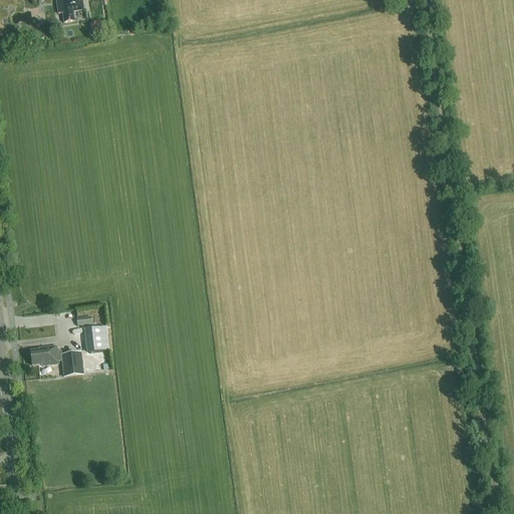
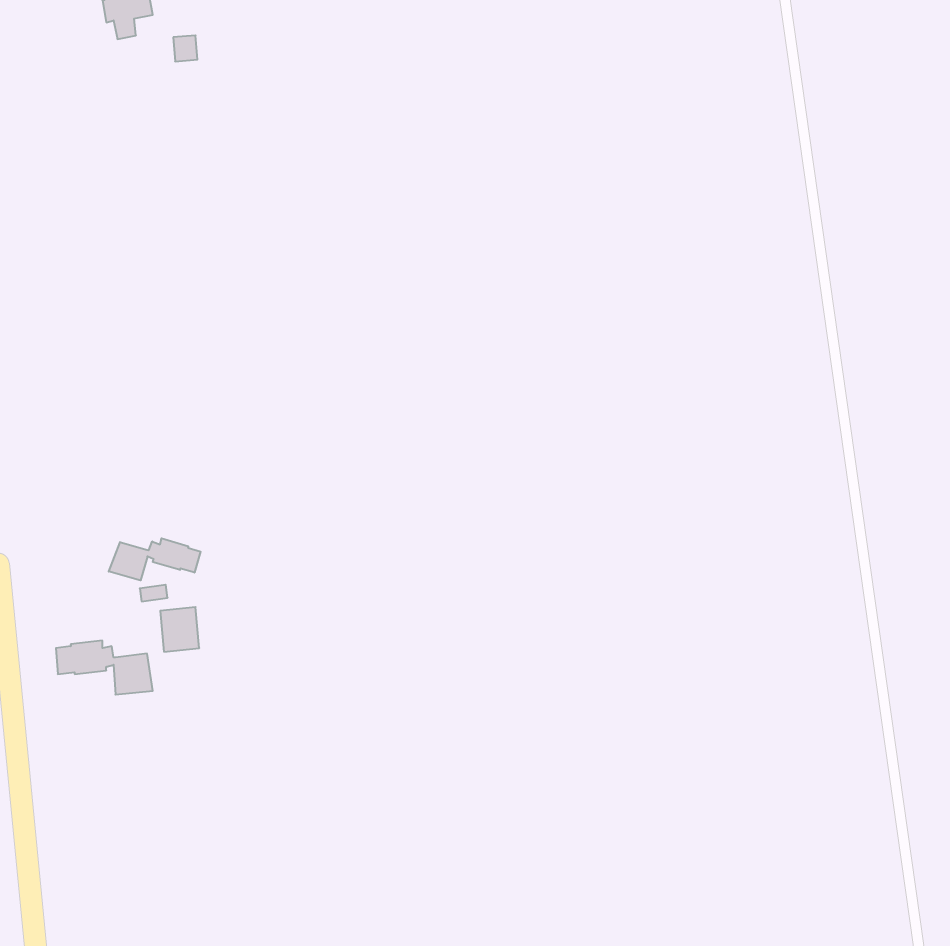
building: none -> [109,538,201,580]

